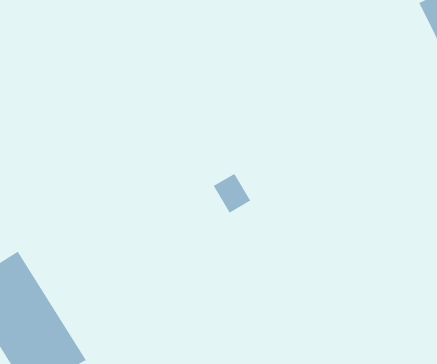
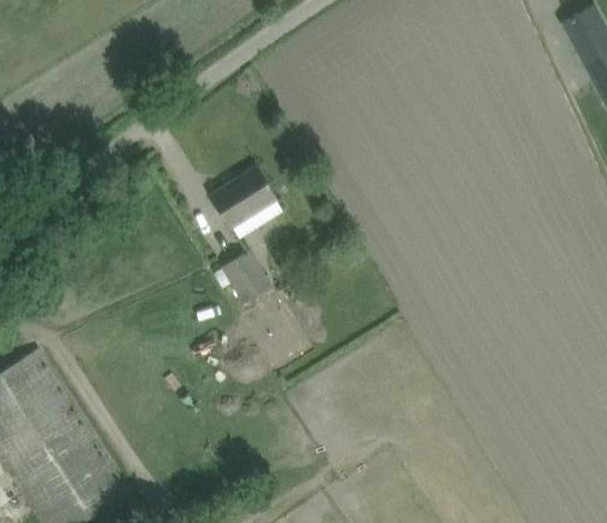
building: none -> [211,169,275,228]
building: [213,173,251,213] -> [222,251,273,304]

